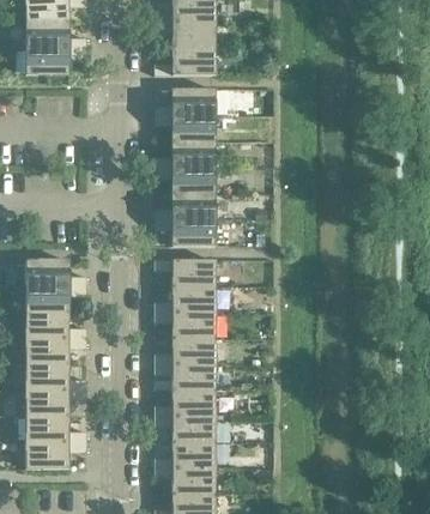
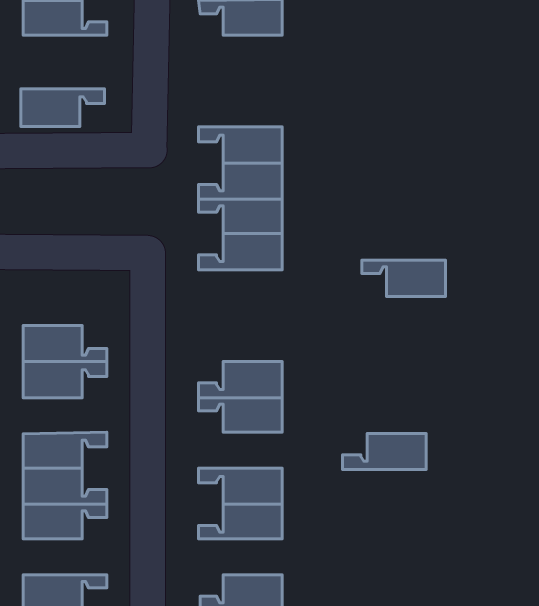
building: [25,47,86,74] -> [21,89,105,126]
building: [153,47,214,74] -> none
building: [153,87,214,114] -> none
building: [153,218,214,244] -> [362,260,445,296]
building: [153,259,214,285] -> none
building: [25,312,86,338] -> none
building: [153,337,214,363] -> [343,433,426,470]
building: [25,415,86,441] -> none
building: [153,415,214,441] -> none

